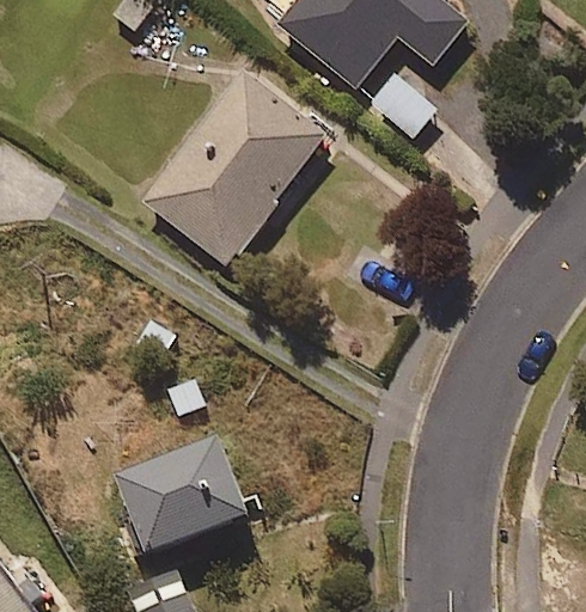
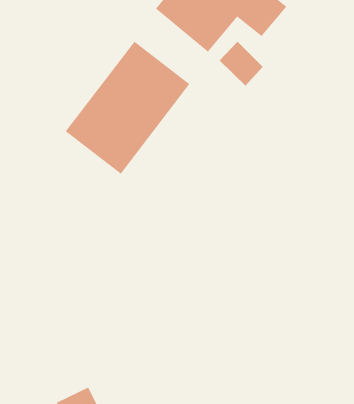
building: [121,437,254,555] -> none

